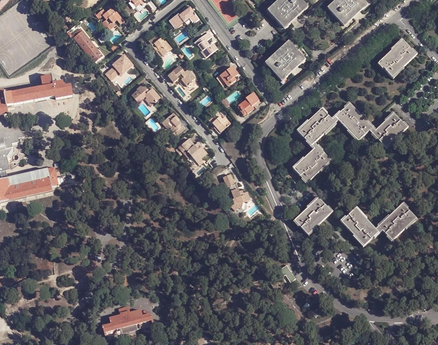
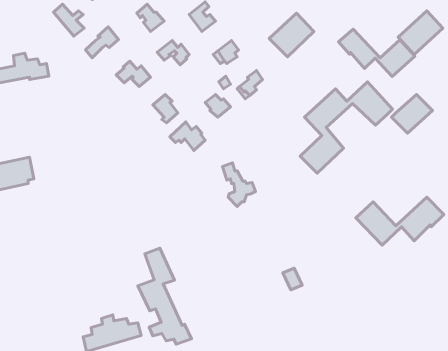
building: none -> [338,29,415,77]
building: [295,196,332,234] -> none
building: none -> [138,248,192,344]

